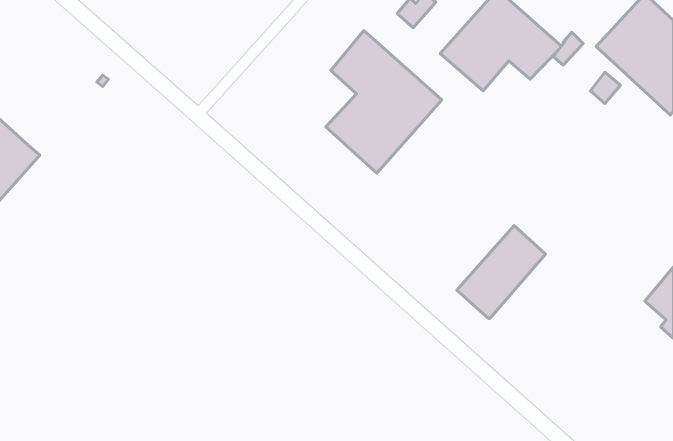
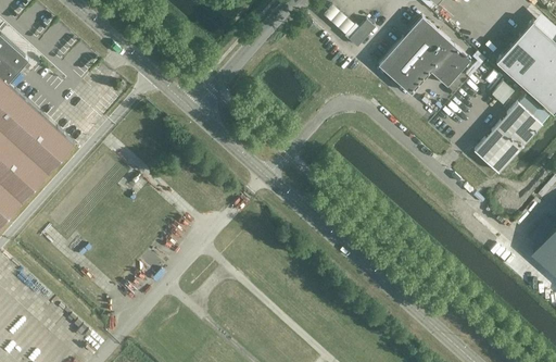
building: [326,31,442,173] -> none
building: [457,226,546,319] -> [476,101,543,172]

